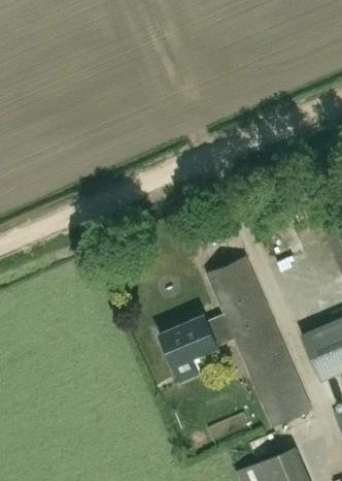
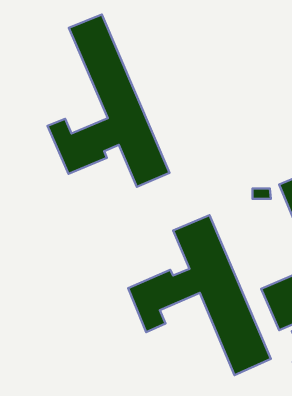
building: none -> [48,15,169,187]

